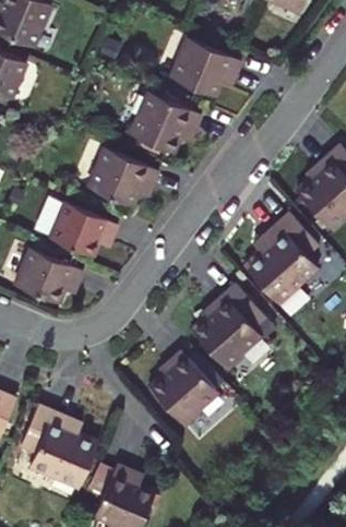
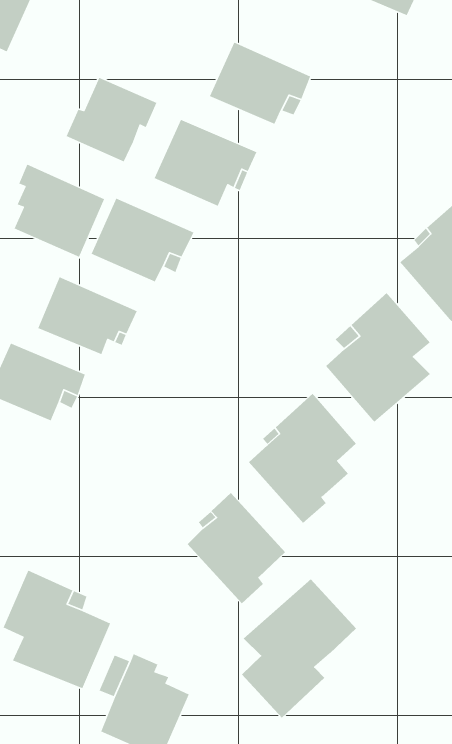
building: none -> [66,77,158,162]
building: none -> [13,163,105,258]
building: none -> [241,578,357,719]

